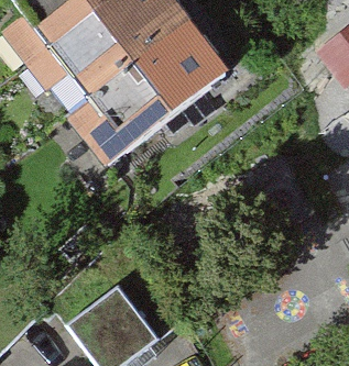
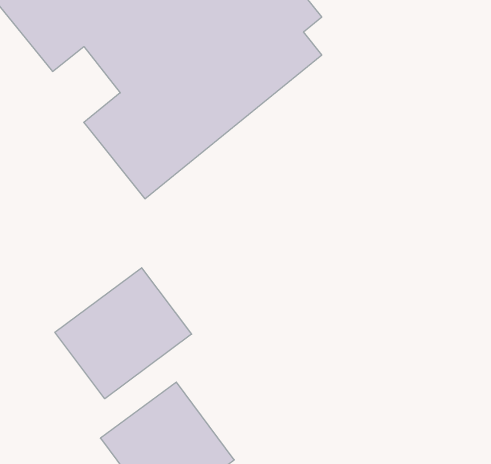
building: none -> [55,268,192,399]

